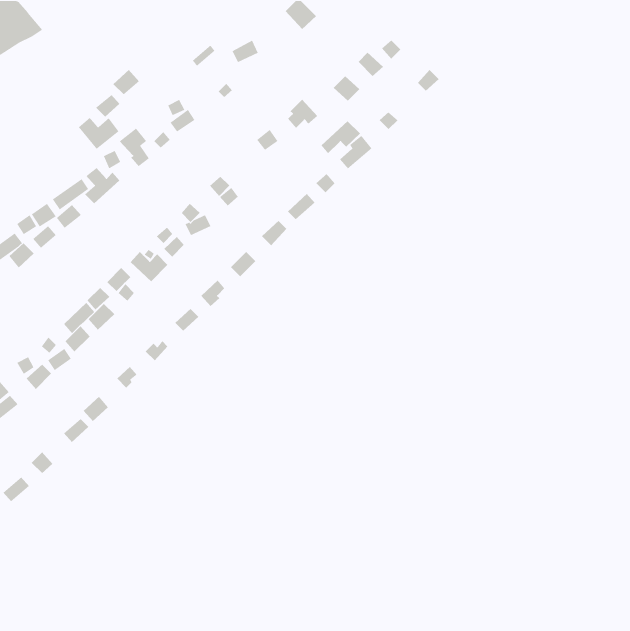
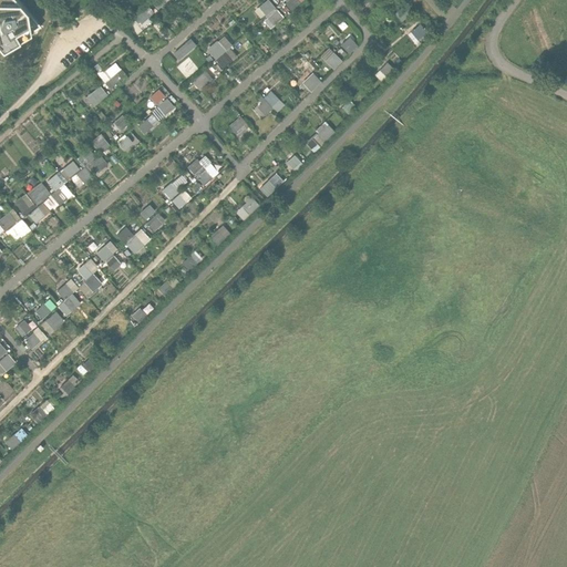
building: [78,117,120,150] -> none
building: [321,121,361,154] -> none

